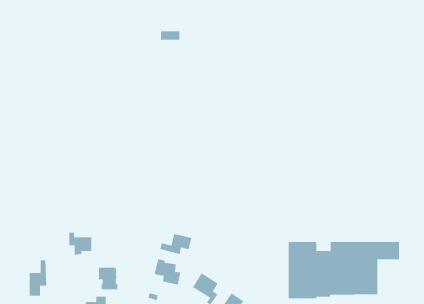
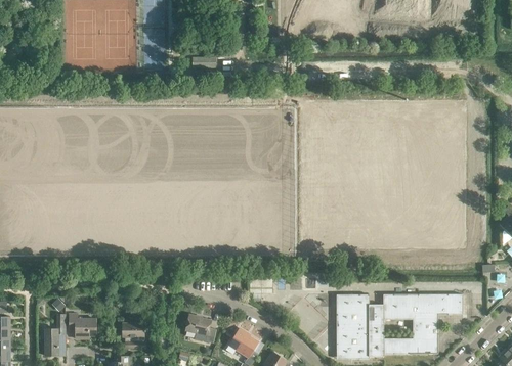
building: [68,232,92,255] -> [70,313,96,338]
building: [160,233,192,255] -> none

